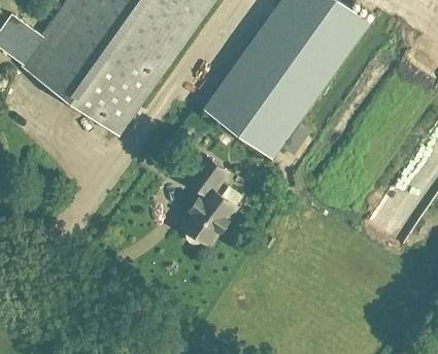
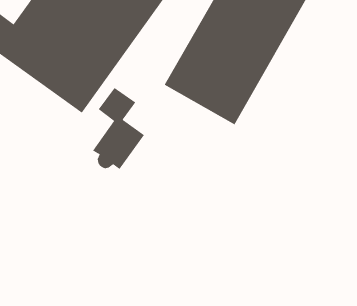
building: [180,159,237,248] -> [92,87,145,170]

